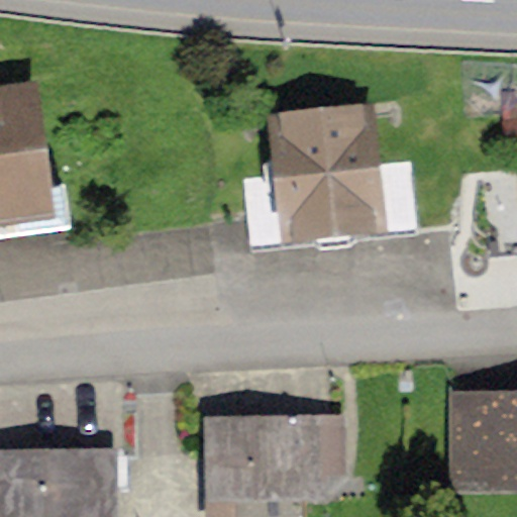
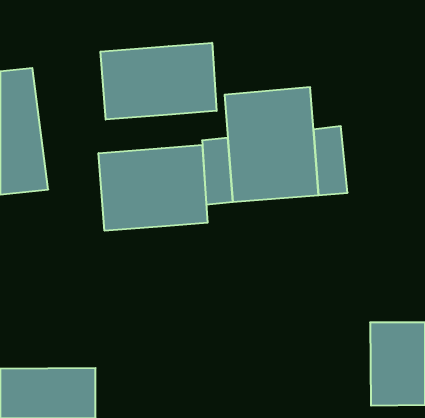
building: none -> [100,43,217,120]
building: none -> [99,145,208,231]
building: [203,415,342,500] -> none

